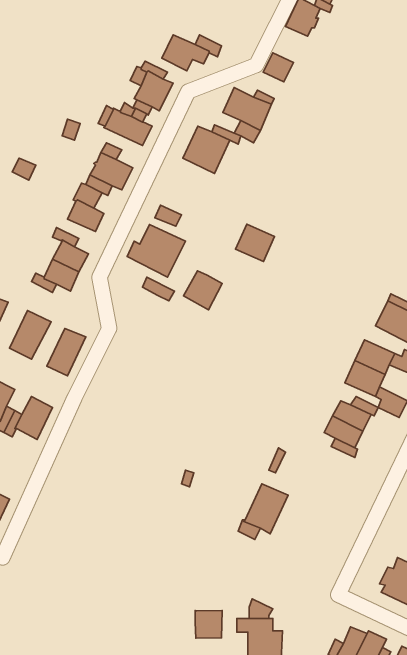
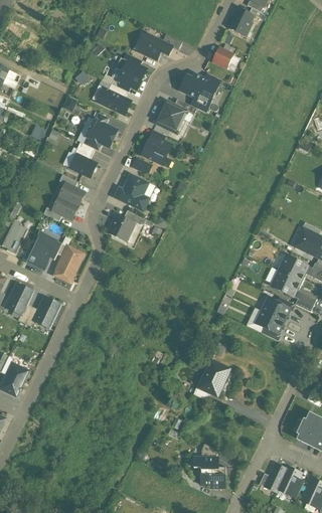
building: [236,224,274,262] -> [143,135,171,162]
building: [184,271,222,310] -> [107,213,135,241]
building: [195,610,222,638] -> none

